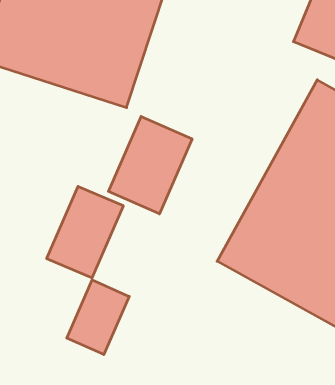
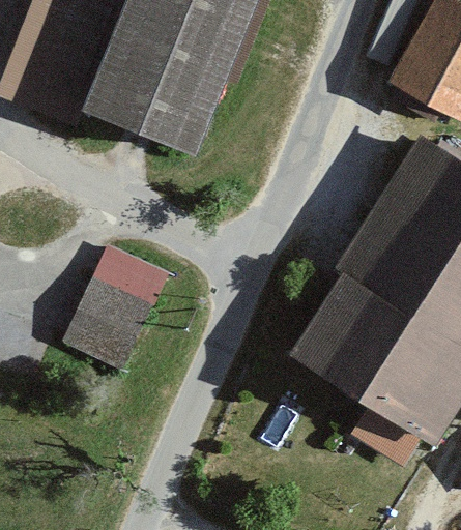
building: [108,116,192,214] -> none
building: [67,280,129,355] -> none

